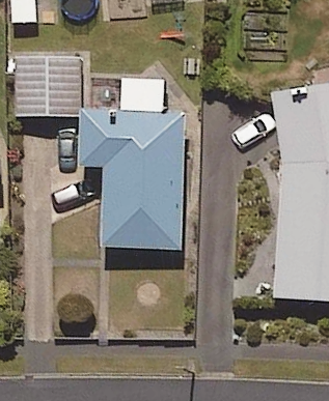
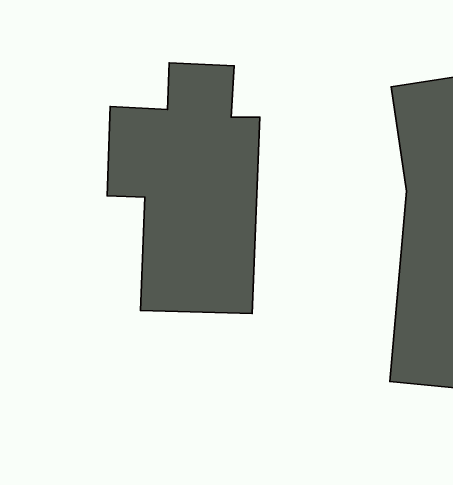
building: [11,56,78,116] -> none

